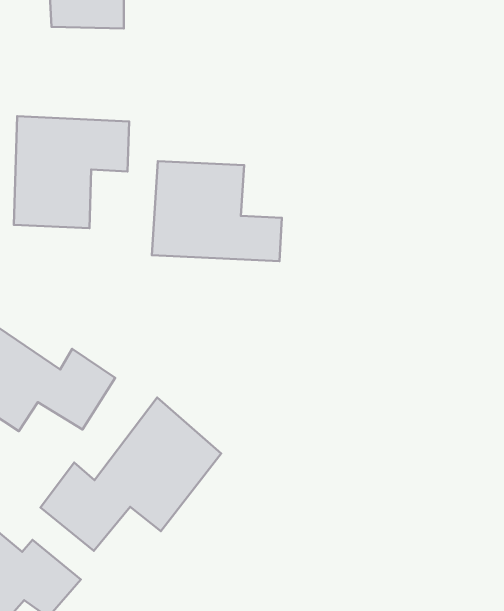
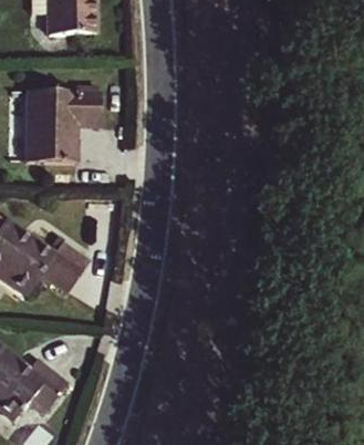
building: [152,161,282,261] -> none
building: [40,398,221,551] -> none

